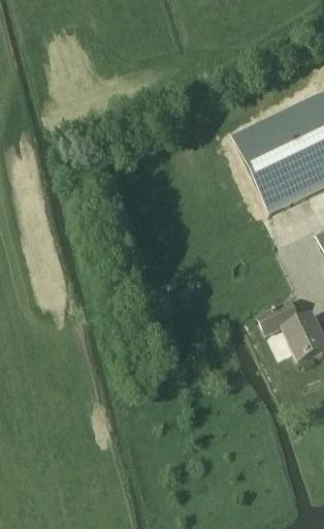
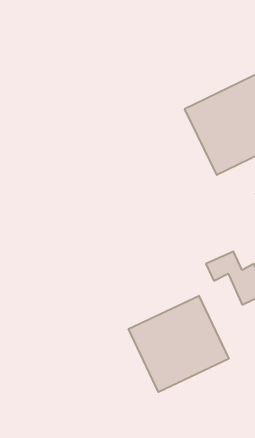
building: none -> [129,296,229,392]

